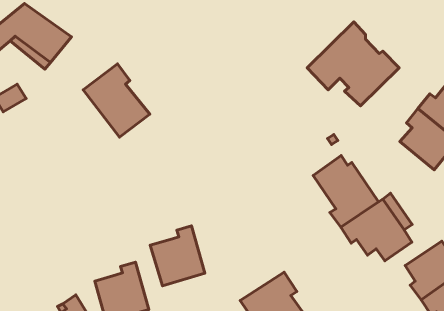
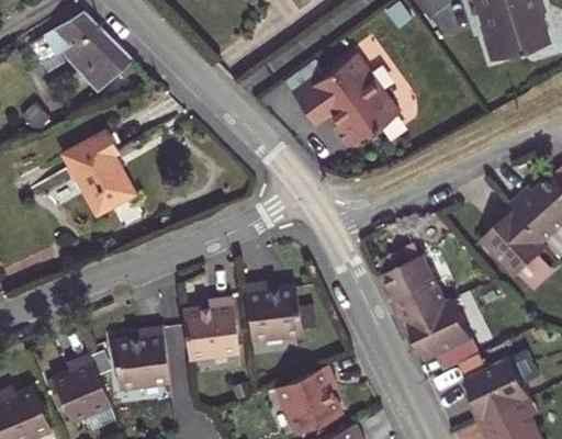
building: [307,22,399,106] -> [288,56,392,153]
building: [83,64,150,137] -> [64,131,135,214]
building: none -> [245,281,302,340]

